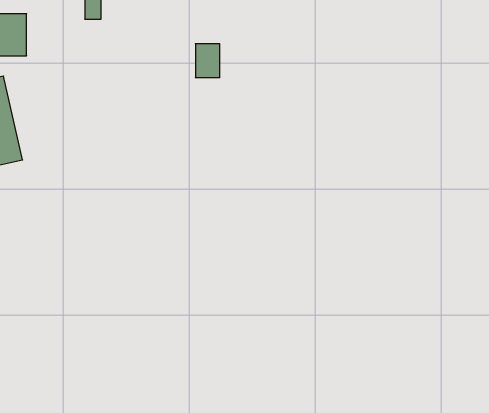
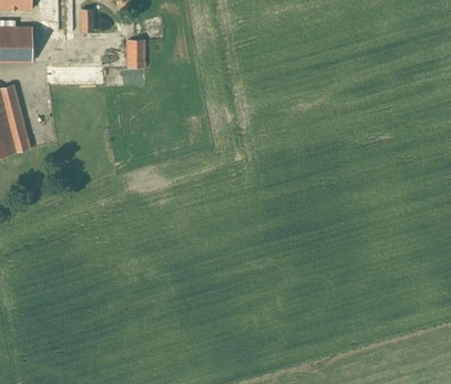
building: [195,44,220,78] -> [124,40,144,68]

